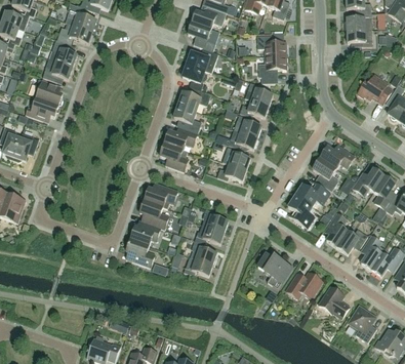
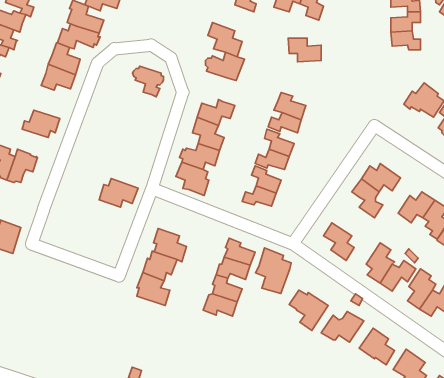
building: [191,7,226,29] -> none
building: [258,54,286,83] -> none
building: [179,64,206,90] -> [133,66,163,97]
building: [32,78,63,105] -> none
building: [144,181,177,206] -> [99,179,138,207]
building: [294,184,329,206] -> none
building: none -> [255,248,291,294]

